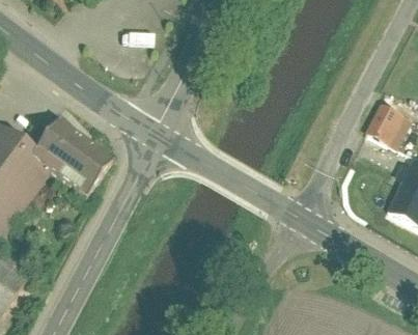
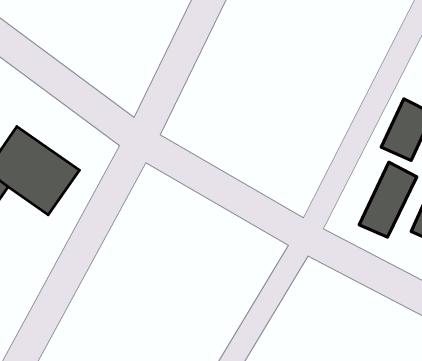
building: none -> [359,162,417,237]

